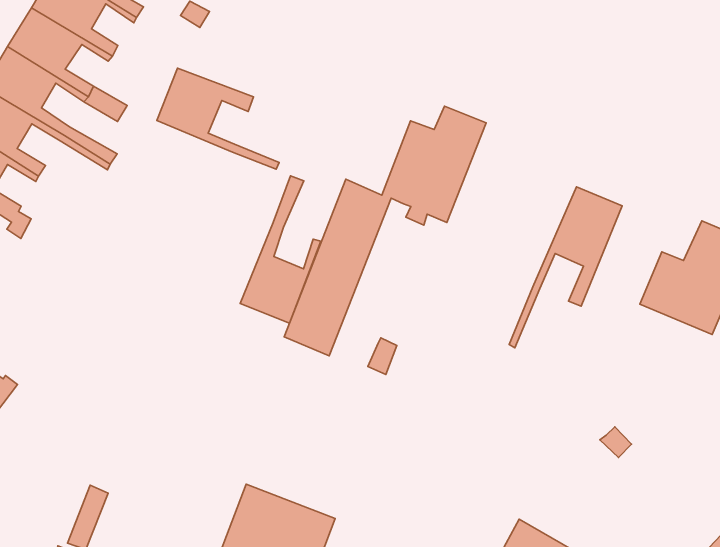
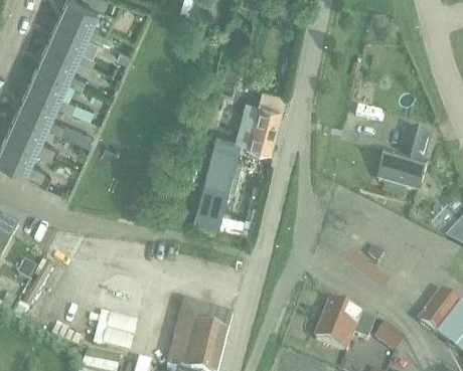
building: [157,68,279,169] -> none
building: [240,176,321,323] -> none
building: [509,187,622,348] -> none

